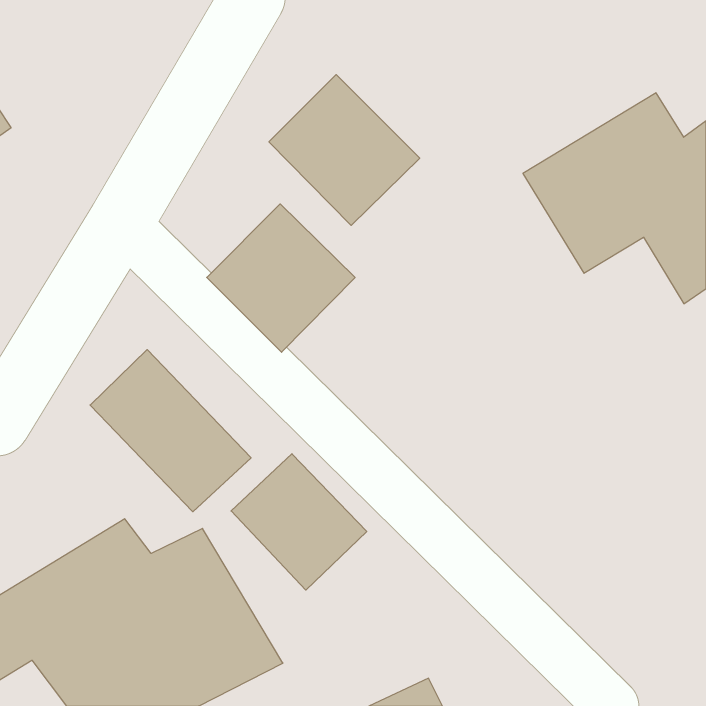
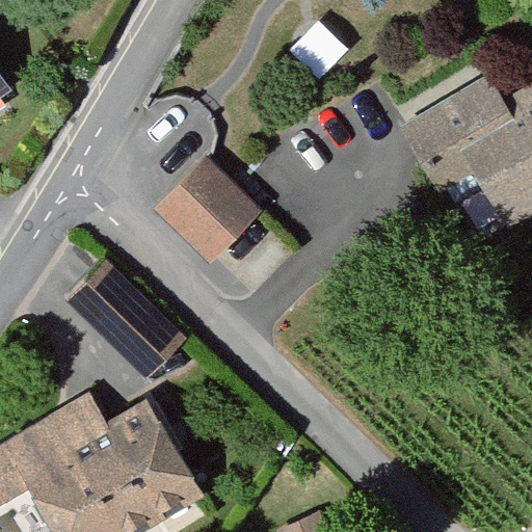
building: [269,75,420,225] -> none
building: [231,454,367,590] -> none

